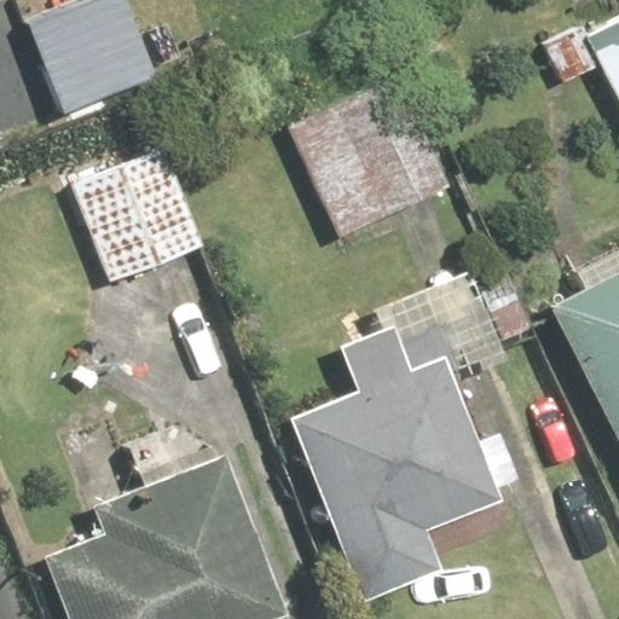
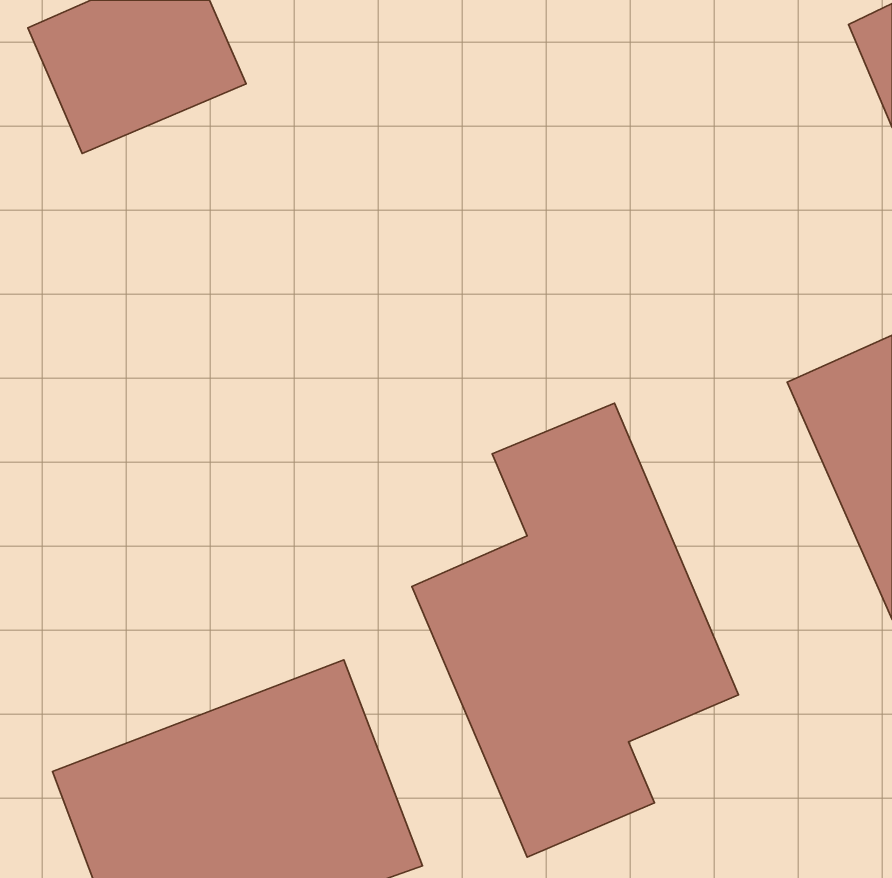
building: [288,73,457,241] -> none
building: [68,145,215,290] -> none

